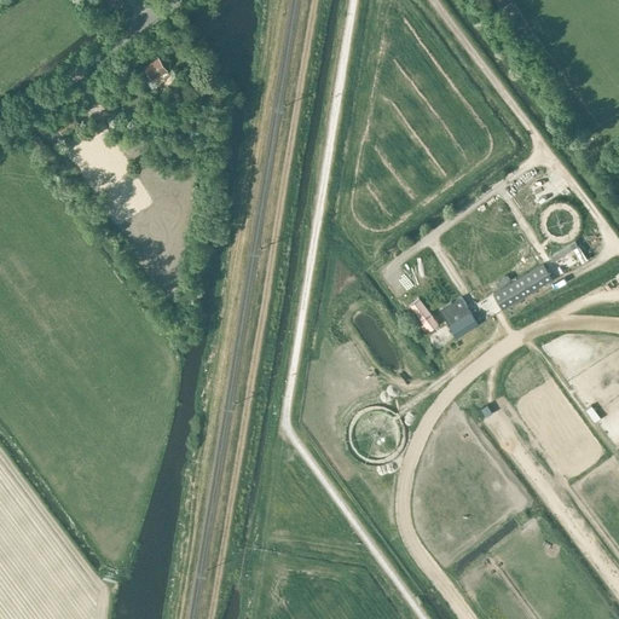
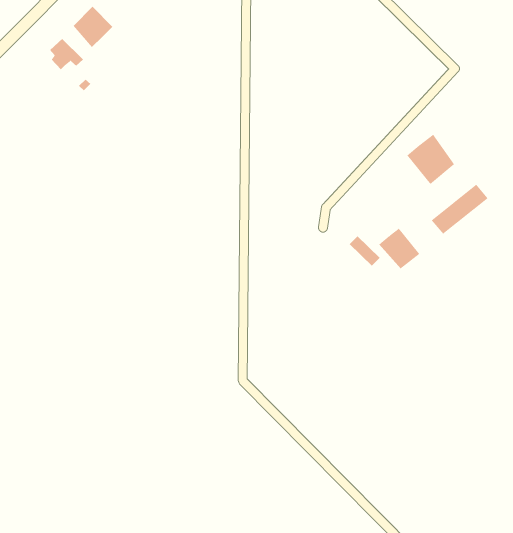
building: none -> [73,6,113,48]
building: none -> [407,134,455,185]

